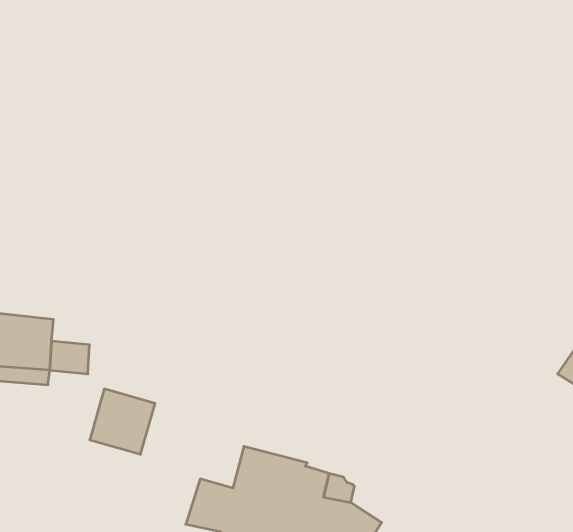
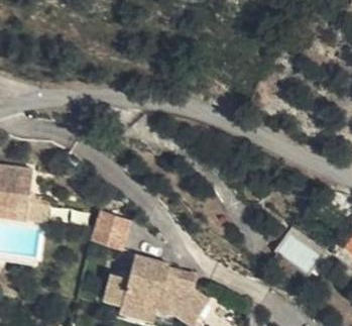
building: [90,389,155,454] -> [94,211,130,247]

